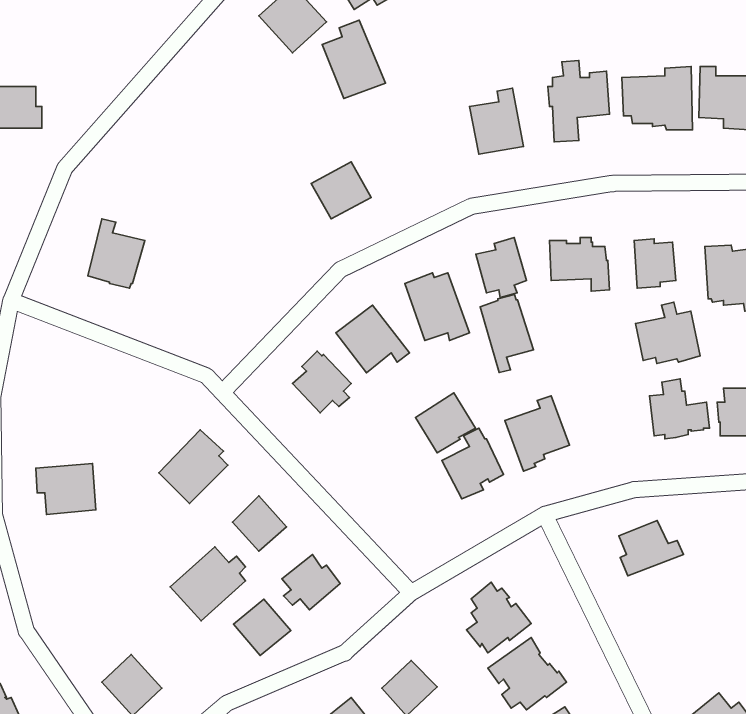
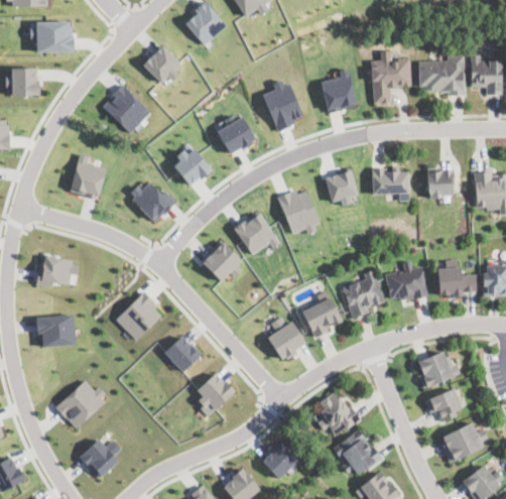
building: none -> [31,21,72,52]
building: [322,20,385,98] -> [261,78,302,129]
building: none -> [141,44,181,85]
building: none -> [101,85,150,133]
building: none -> [170,148,211,186]
building: none -> [129,181,175,223]
building: [480,294,533,373] -> none
building: [635,302,700,364] -> [385,261,427,301]
building: none -> [35,256,79,287]
building: [416,393,476,453] -> [267,322,306,361]
building: [170,547,246,621] -> [55,381,105,429]
building: none -> [424,388,462,422]
building: [233,599,291,656] -> none
building: none -> [442,422,486,463]

